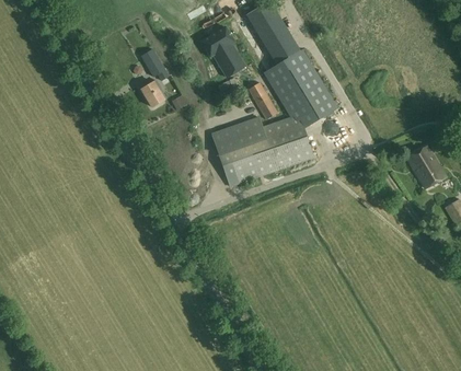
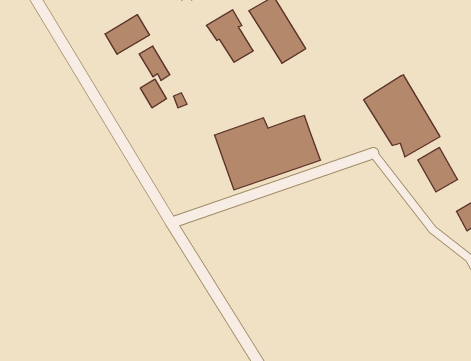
building: none -> [105,15,149,54]
building: [263,49,336,128] -> [364,75,440,157]
building: [246,81,277,119] -> none

